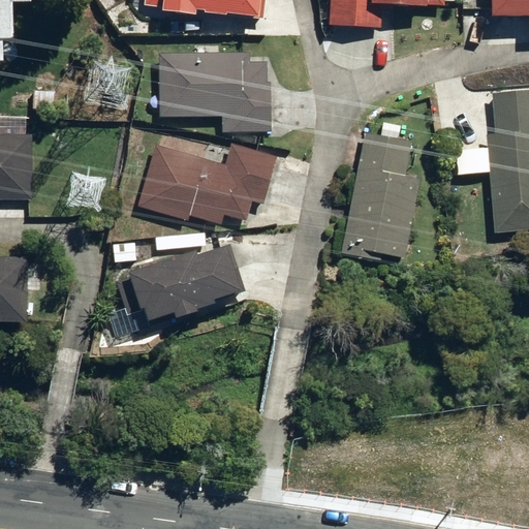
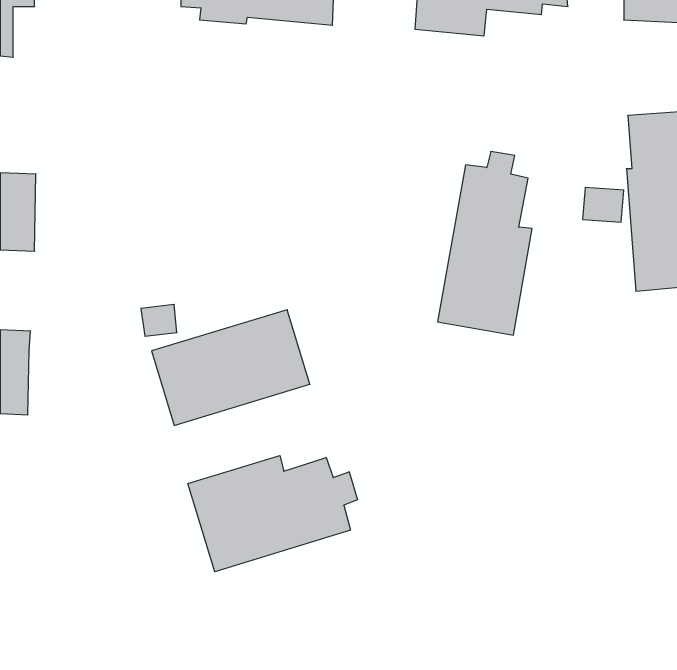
building: [158,50,272,128] -> none
building: [137,141,277,219] -> none
building: none -> [188,456,357,572]

